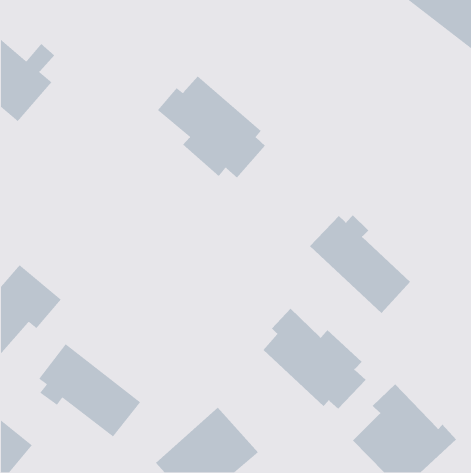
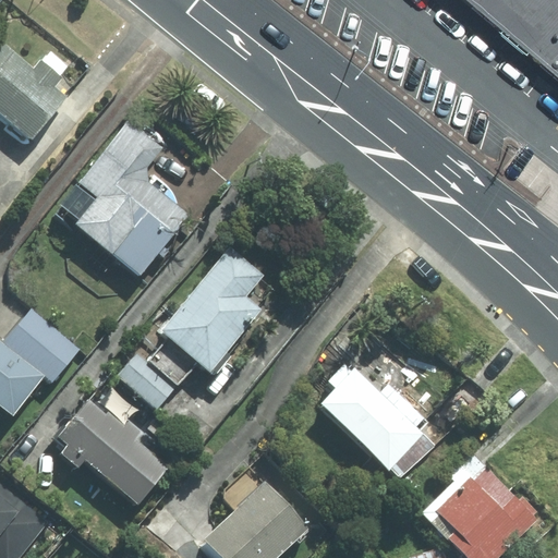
building: [157,76,266,179] -> none
building: none -> [50,119,190,283]
building: none -> [117,248,264,412]
building: [309,214,411,314] -> none

